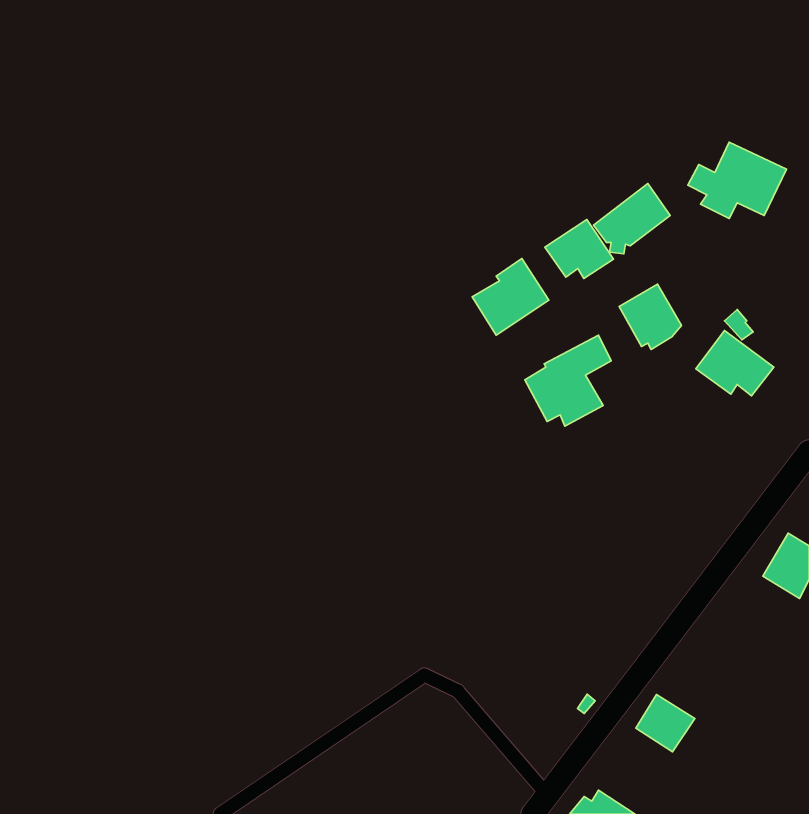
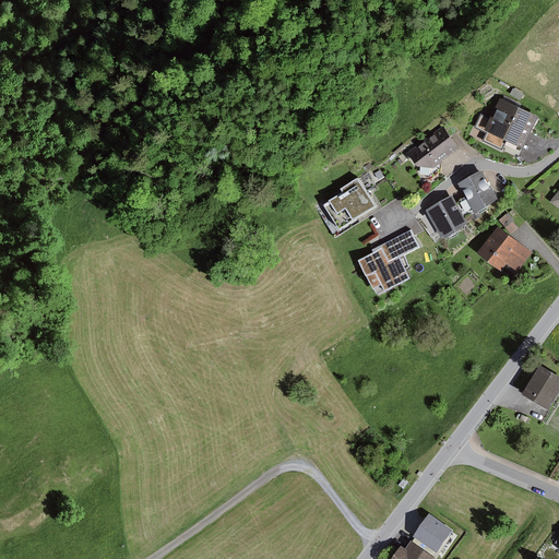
building: [545,219,613,278] -> none
building: none -> [457,169,497,213]
building: [636,695,695,752] -> [416,511,456,550]

